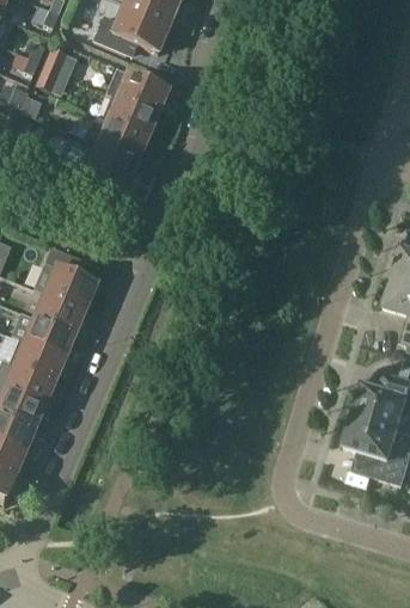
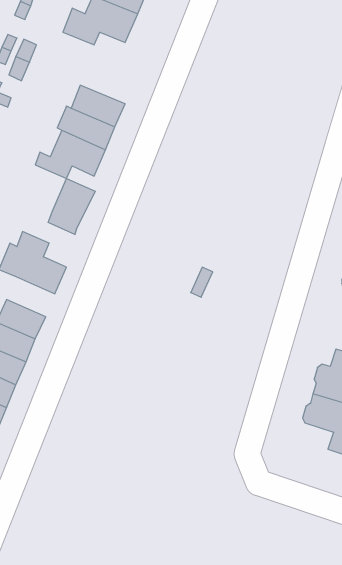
building: [106,67,167,113] -> none
building: none -> [48,179,95,235]
building: [35,293,85,334] -> none

